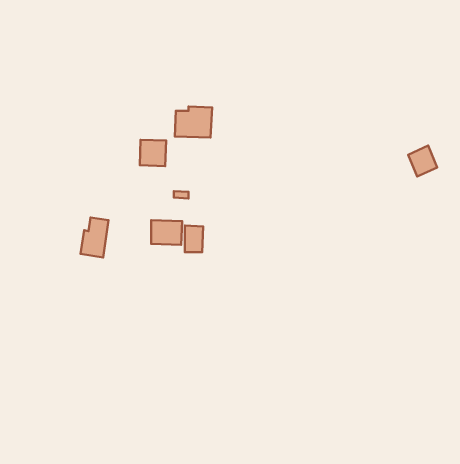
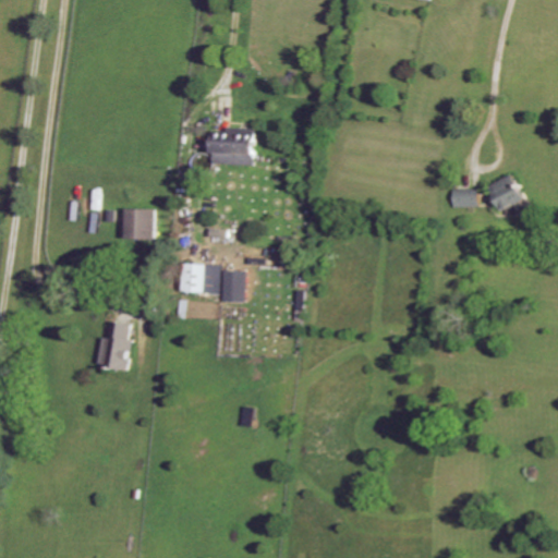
building: [140,140,166,166] -> [122,208,154,240]
building: none -> [452,189,478,208]
building: [80,218,109,258] -> [97,322,131,369]

